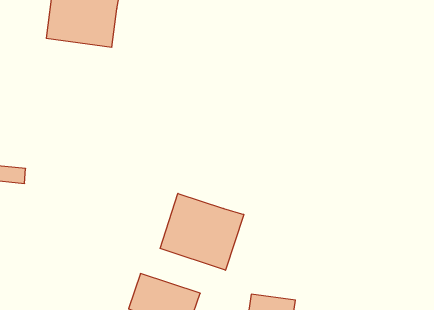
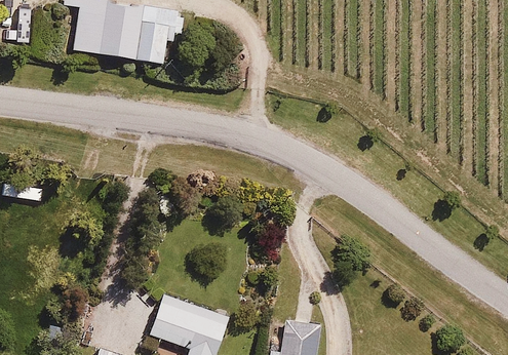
building: none -> [134,18,166,62]
building: [160,193,244,270] -> none

